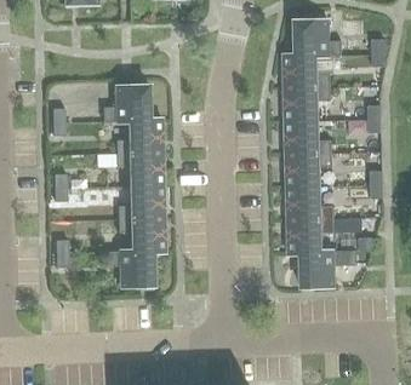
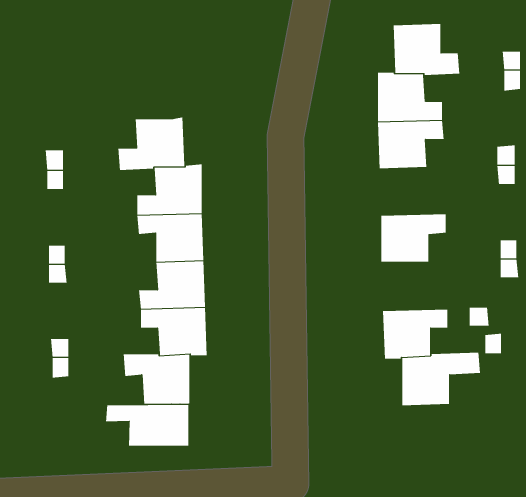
building: [285,120,332,154] -> none
building: [286,186,333,220] -> none
building: none -> [106,404,189,447]

